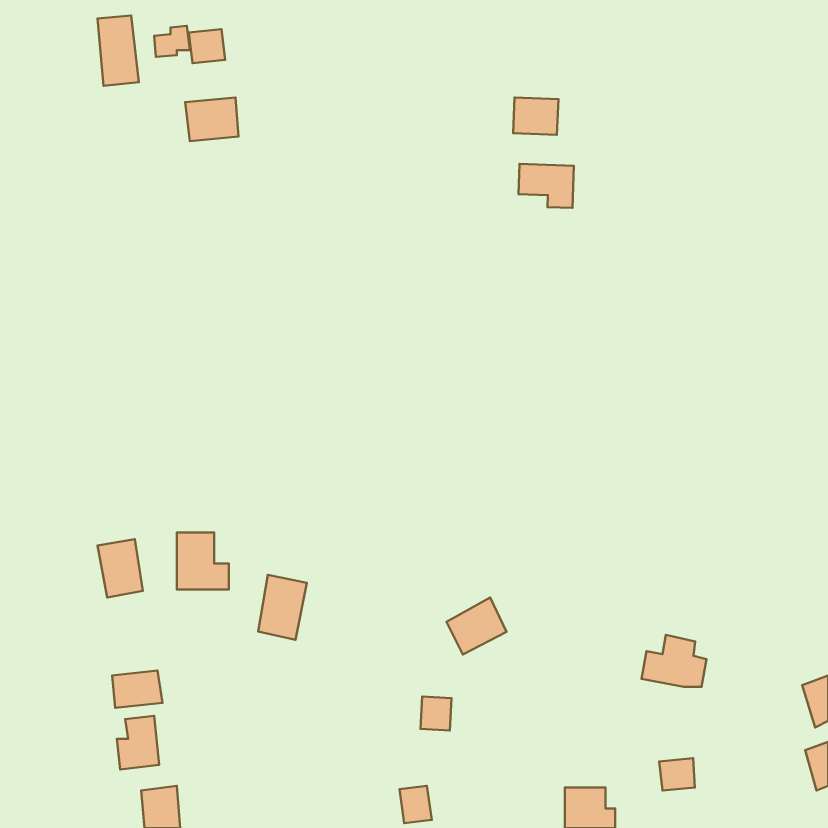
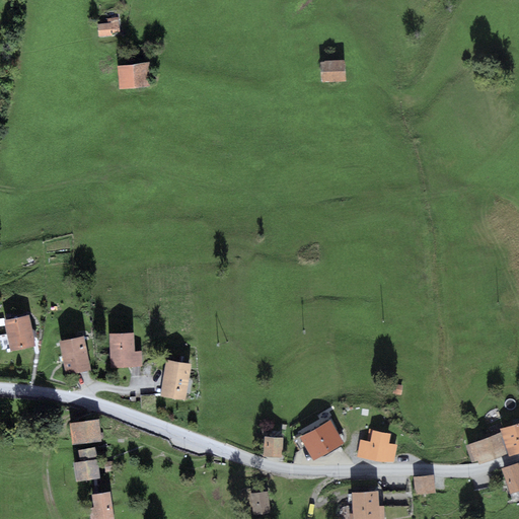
building: [98,16,139,86] -> none
building: [189,29,225,63] -> none
building: [518,164,574,208] -> none
building: none -> [5,314,35,351]
building: [446,598,507,654] -> [302,422,340,457]
building: [642,635,706,687] -> [356,429,396,461]
building: none -> [468,434,505,463]

